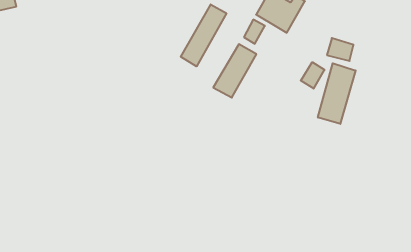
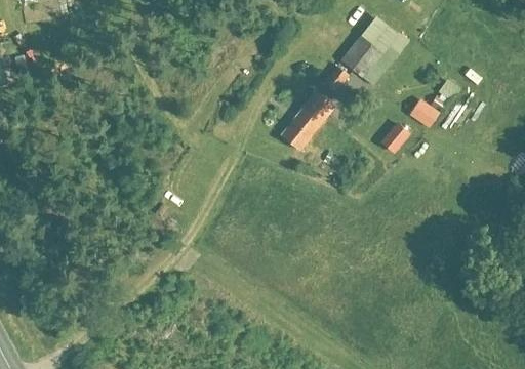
building: [181,4,226,66] -> none
building: [318,63,356,124] -> none

